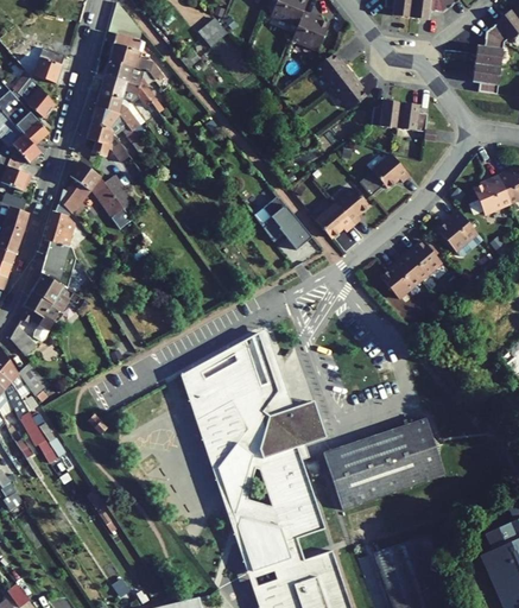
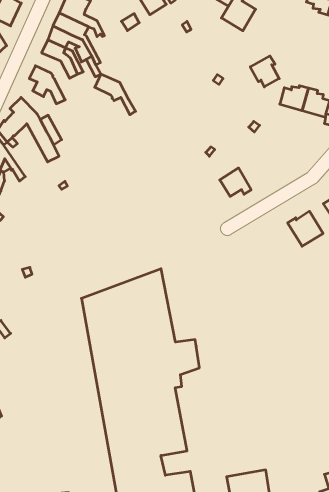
building: [317,52,352,88] -> none
building: [90,107,140,147] -> [95,74,136,115]
building: [359,153,410,195] -> none
building: [335,188,368,226] -> none
building: [260,196,311,249] -> none
building: [379,256,419,298] -> none
building: [323,418,445,511] -> none

